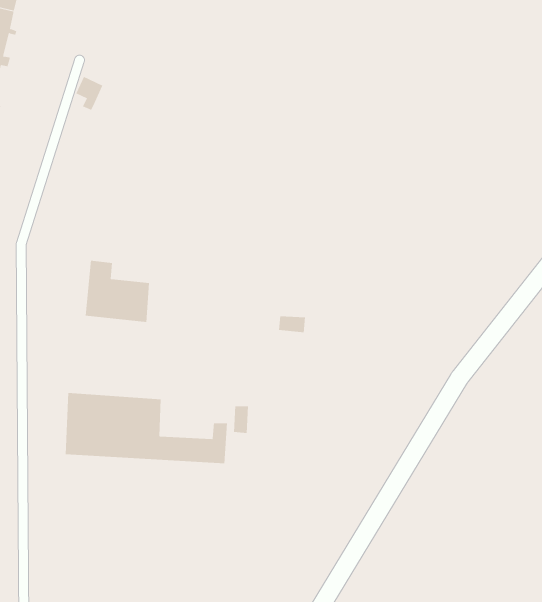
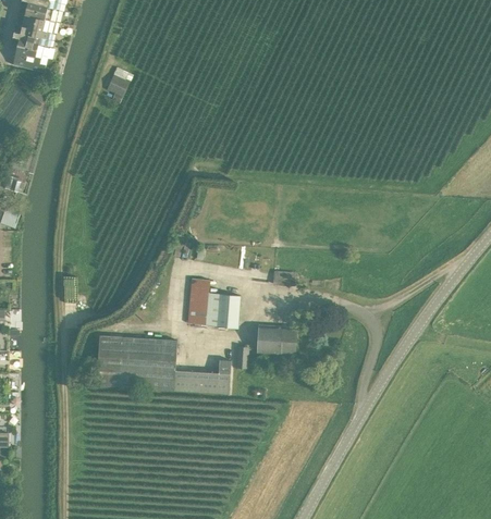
building: [85,260,150,322] -> [186,276,240,328]
building: none -> [256,323,295,355]

